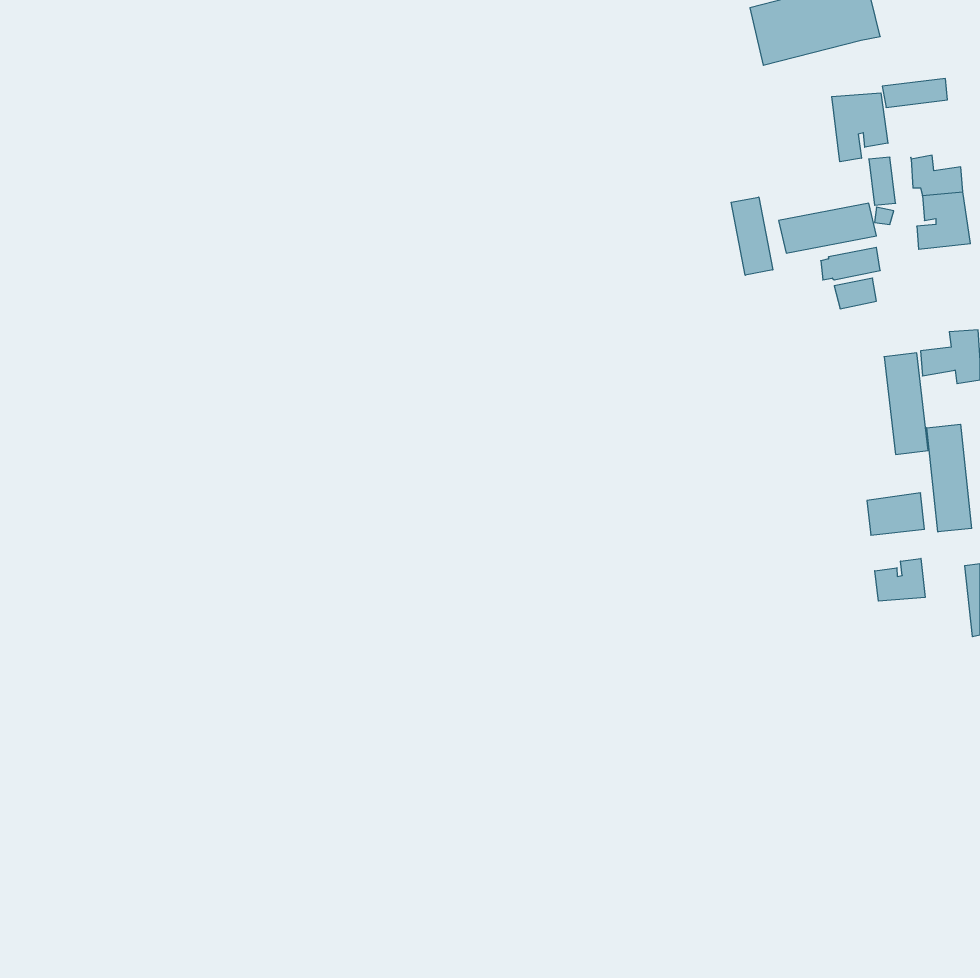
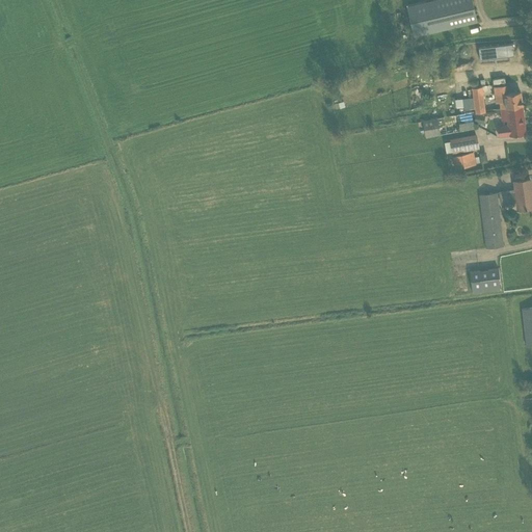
building: [832,93,888,162] -> none
building: [731,197,773,275] -> none
building: [927,424,972,532] -> none
building: [875,558,925,601] -> none

